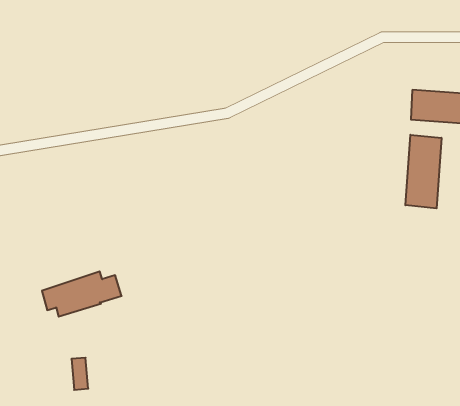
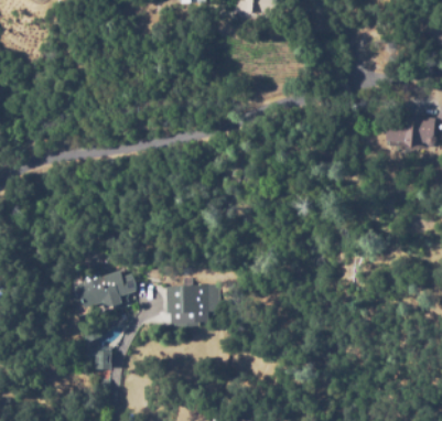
building: [405,135,441,208] -> none
building: none -> [165,284,218,327]

